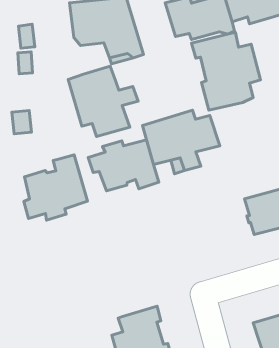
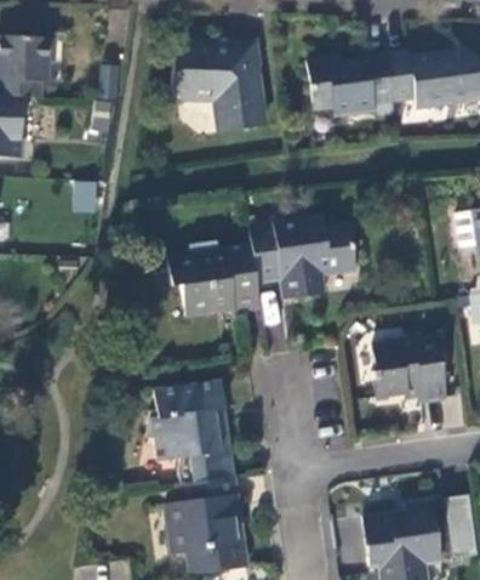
building: [192,33,261,110] -> none
building: [68,66,138,137] -> none
building: [24,155,88,220] -> none
building: none -> [147,380,236,484]

